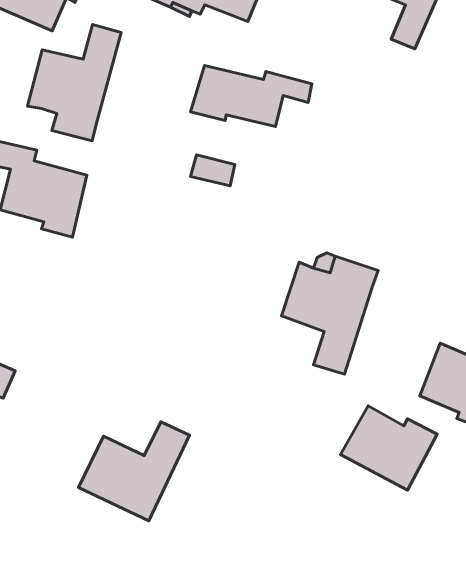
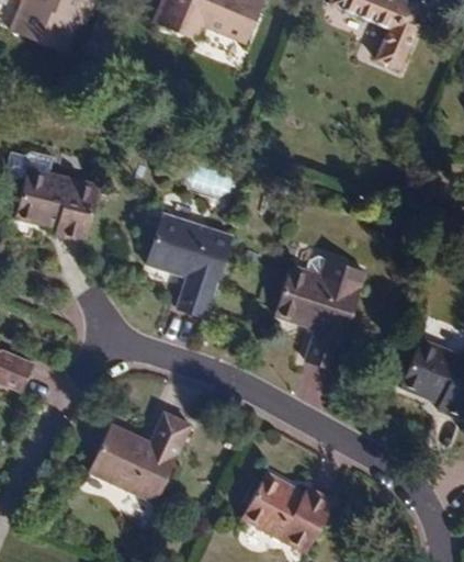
building: [28,24,121,141] -> none
building: [191,65,312,127] -> none
building: none -> [147,214,230,315]
building: [341,406,437,490] -> [244,474,332,552]

